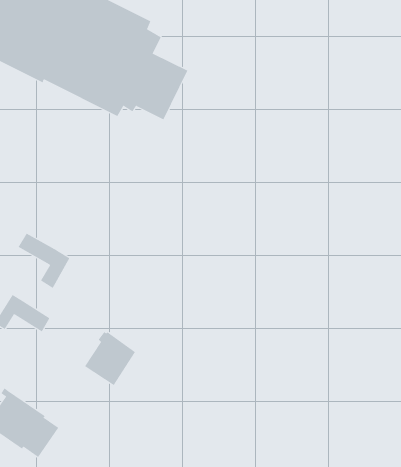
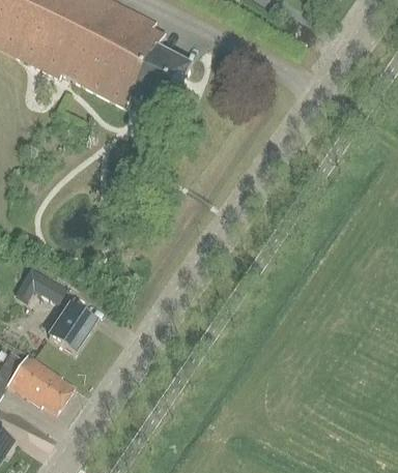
building: [18,233,70,289] -> none
building: [84,332,136,386] -> [48,304,94,353]

